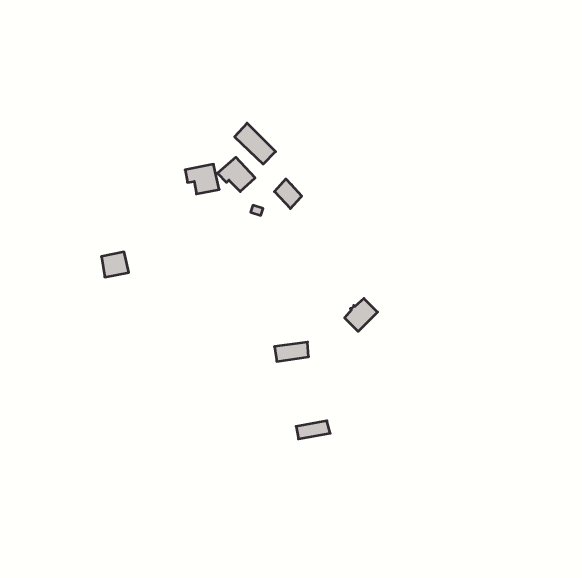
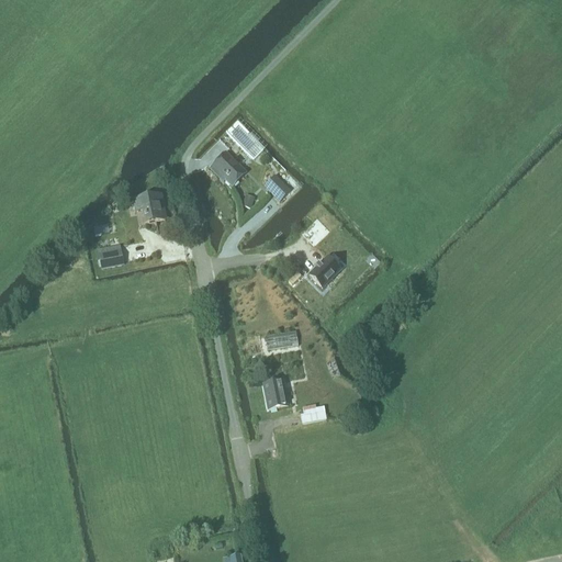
building: [185,164,219,194] -> [133,193,166,222]
building: [345,298,378,331] -> [310,255,341,286]
building: none -> [263,379,286,408]

